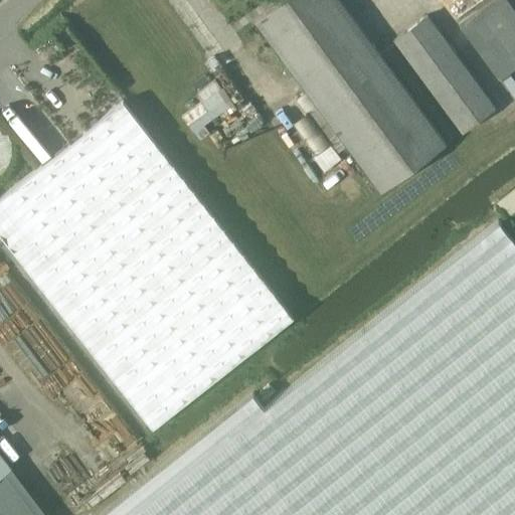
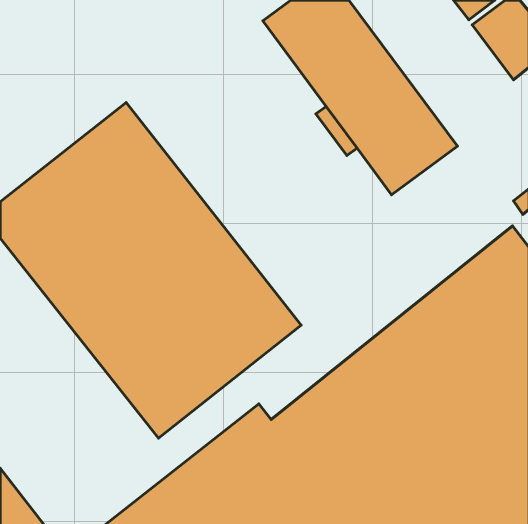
building: [395,19,495,135] -> none

